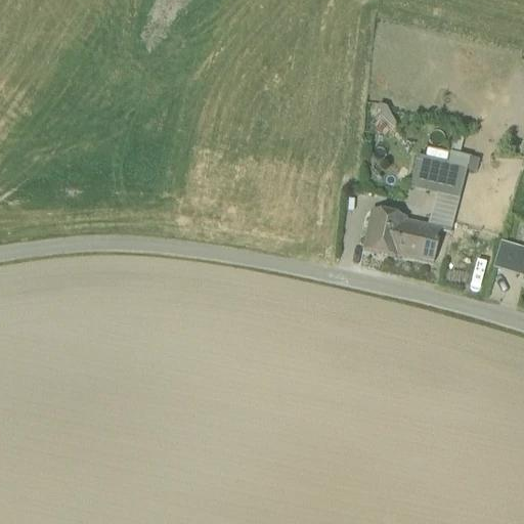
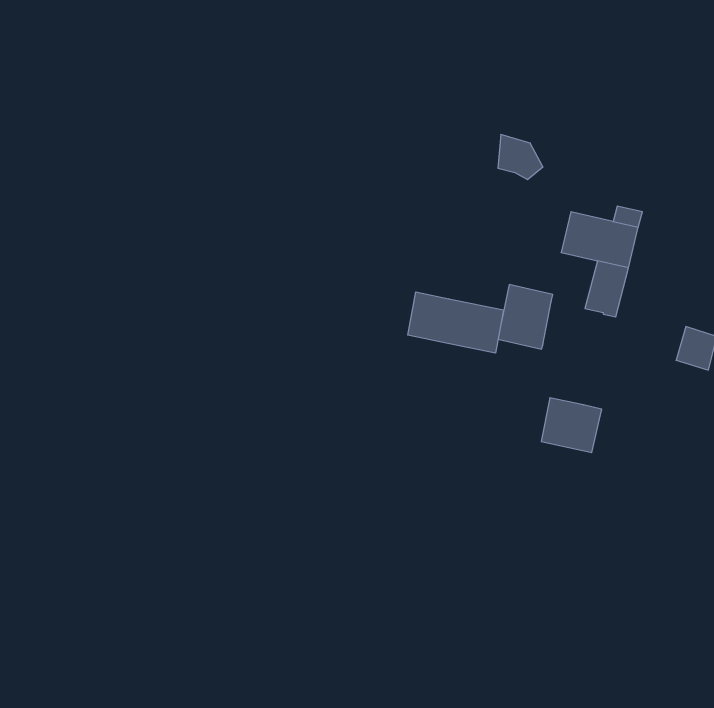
building: none -> [408,292,504,353]
building: [398,220,442,260] -> [541,398,602,453]

